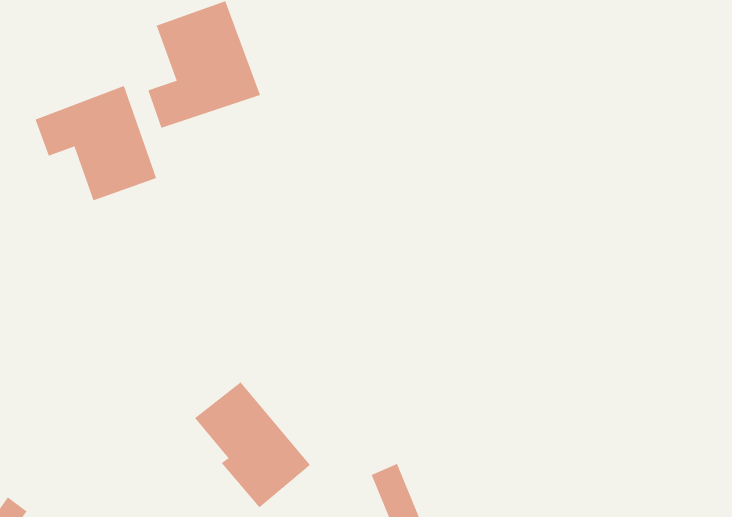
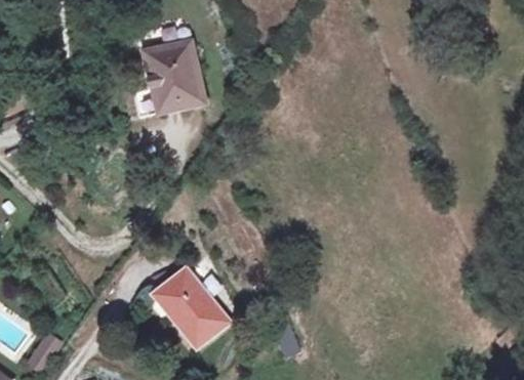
building: [35,85,157,201] -> none

